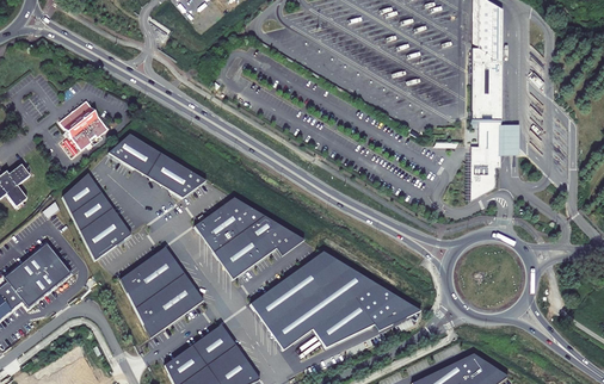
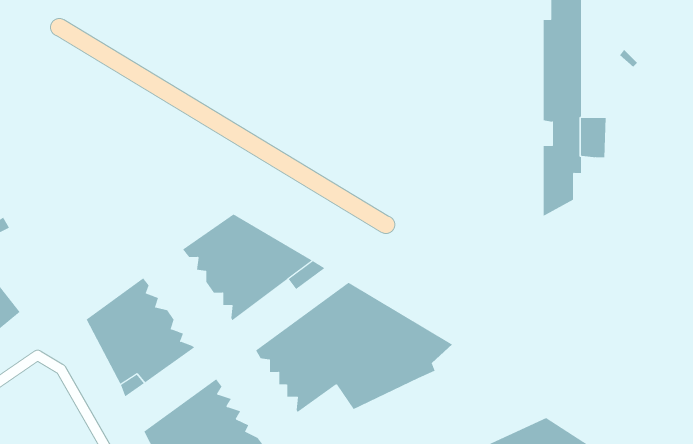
building: [60,99,107,148] -> none
building: [109,137,207,198] -> none
building: [63,174,131,259] -> none
building: [376,298,420,332] -> none

